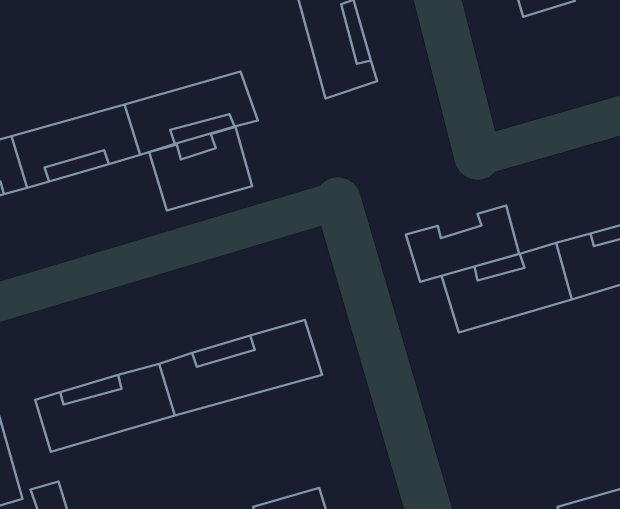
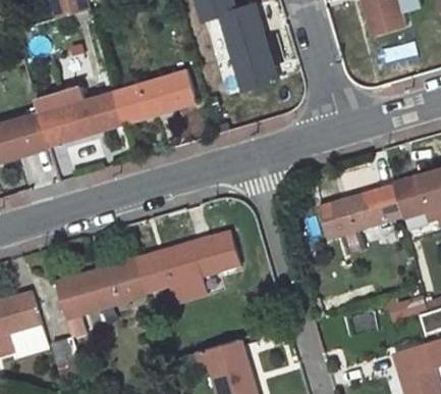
building: [149,127,252,211] -> none
building: [406,206,519,282] -> none

